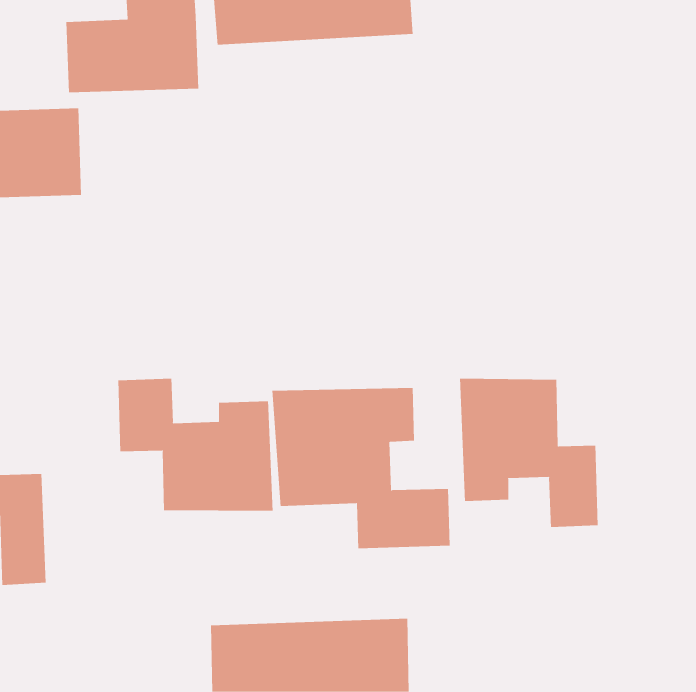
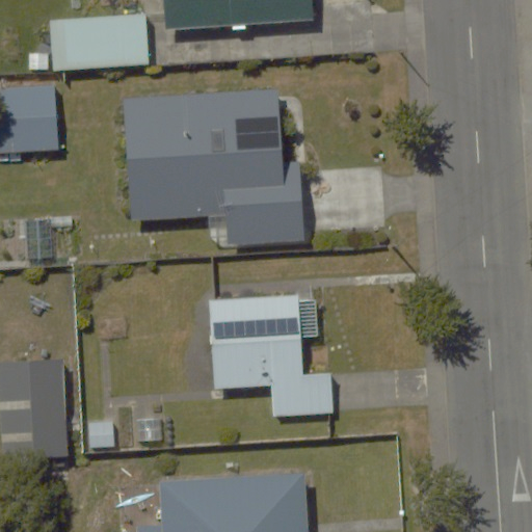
building: none -> [125,96,304,242]
building: [460,378,598,528] -> none
building: [118,378,273,511] -> none

